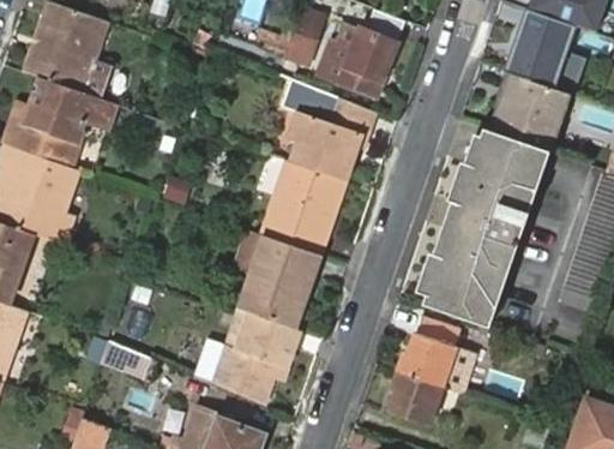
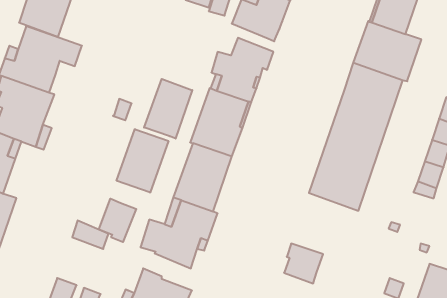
building: none -> [144,79,192,139]
building: none -> [117,129,168,193]
building: none -> [99,199,136,242]
building: [398,316,476,393] -> none

